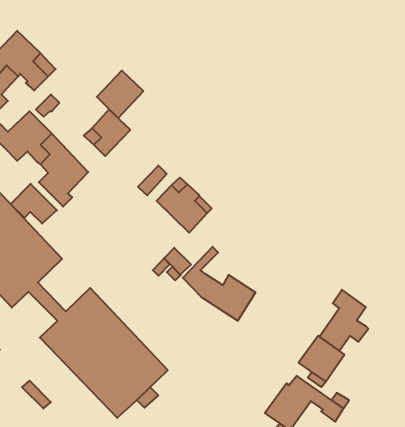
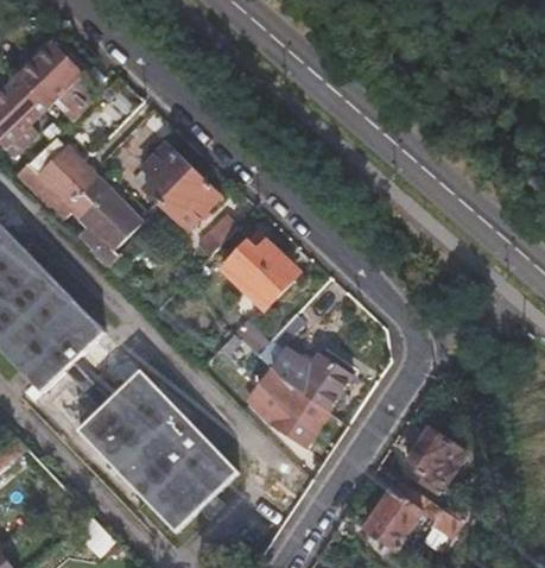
building: [97,71,143,118] -> [160,168,220,228]
building: [10,184,57,224] -> none
building: [320,290,368,351] -> none
building: none -> [271,380,329,446]

